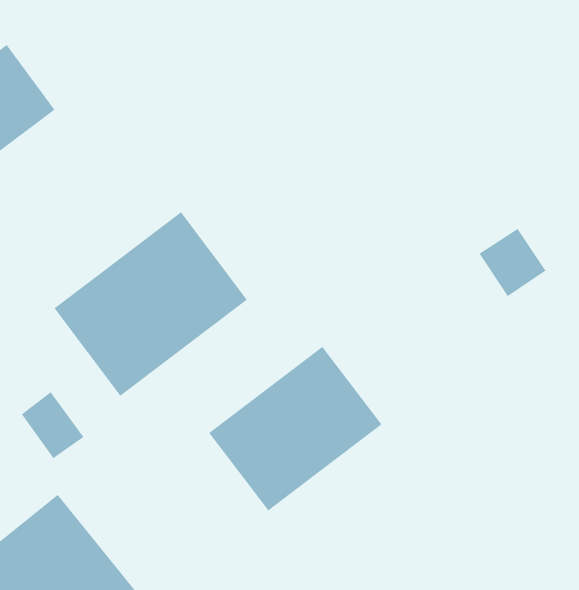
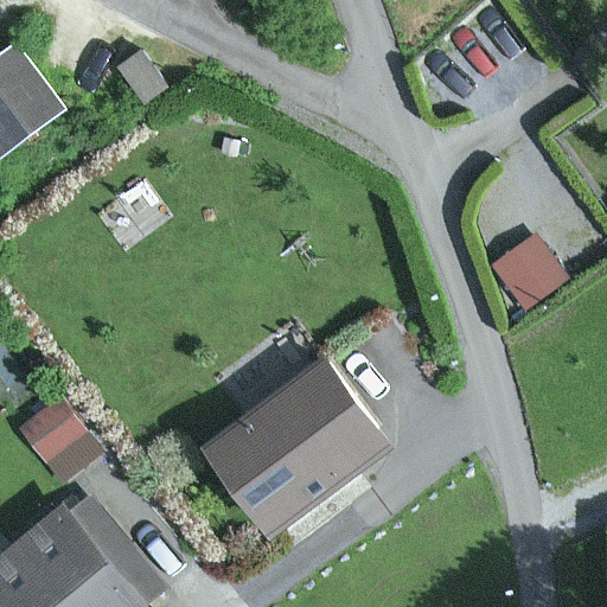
building: [54,211,248,397] -> none

